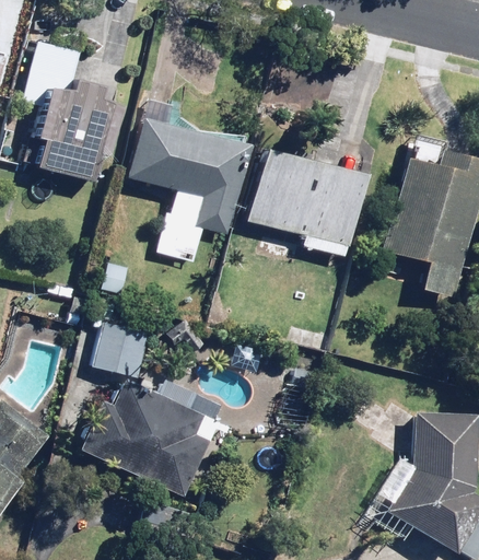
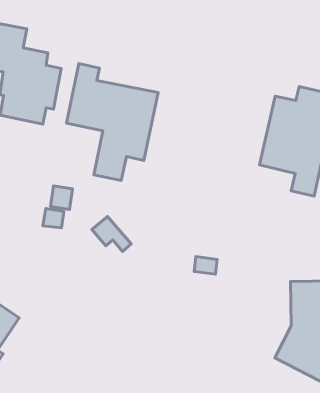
building: [250,148,371,258] -> none
building: [91,323,150,377] -> none
building: [81,380,225,497] -> none

